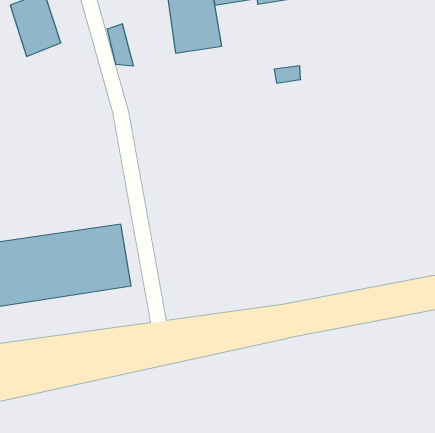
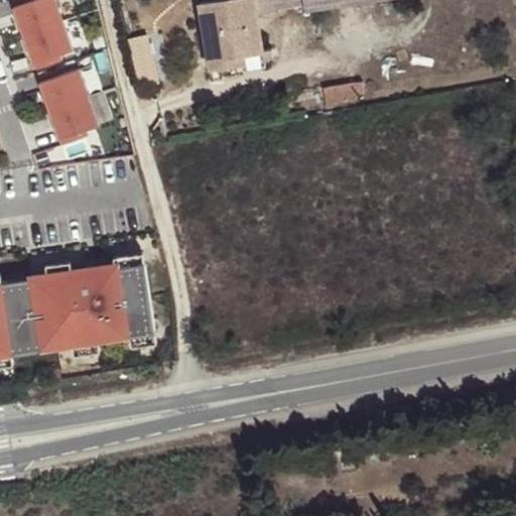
building: none -> [36,66,99,139]

